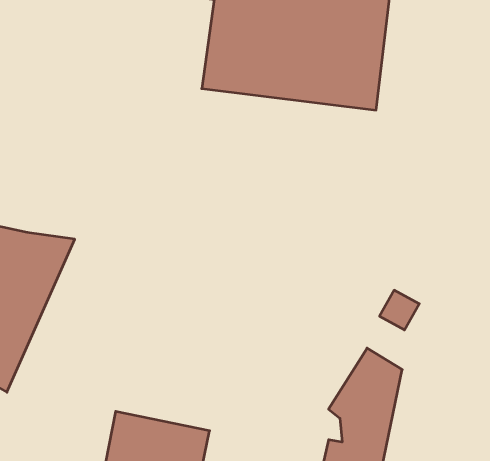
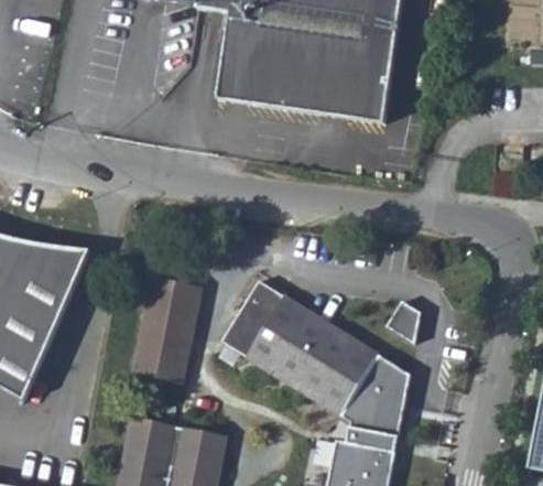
building: none -> [134,274,198,379]
building: none -> [218,278,376,413]

